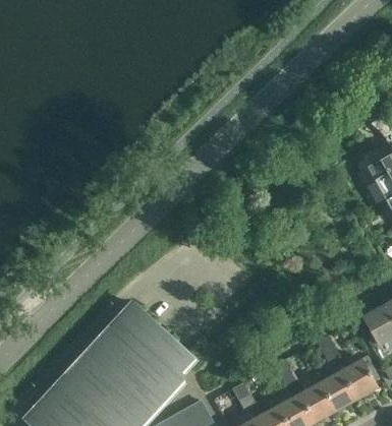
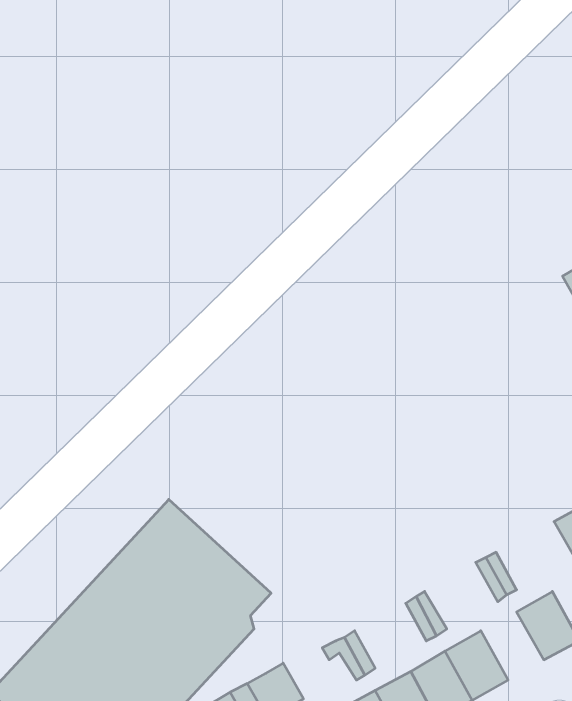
building: [319,369,356,410] -> none

